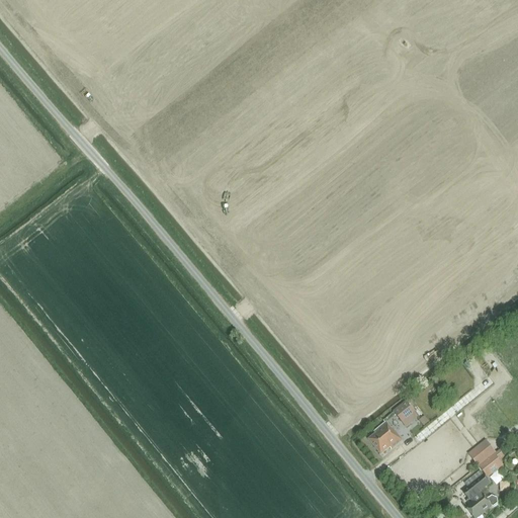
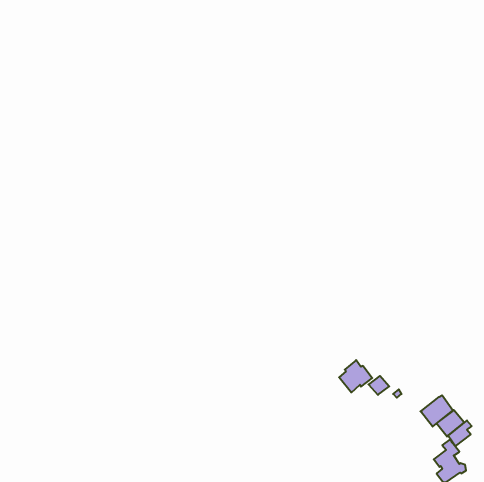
building: [367,420,403,454] -> [339,360,372,392]
building: none -> [420,395,453,427]

